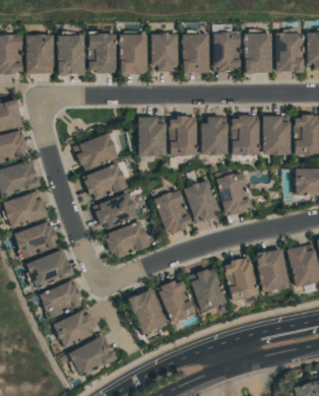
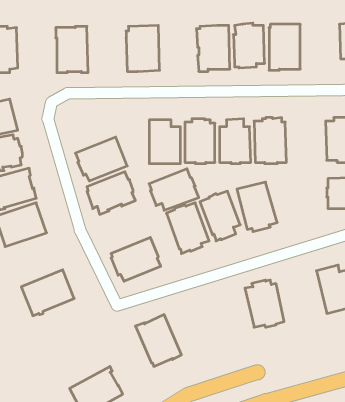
building: [150,32,178,71] -> none
building: [275,32,302,73] -> none
building: [24,34,54,74] -> none
building: [87,34,116,73] -> none
building: [262,115,291,155] -> none
building: [93,192,137,228] -> [149,169,199,210]
building: [13,221,56,259] -> none
building: [254,249,289,292] -> none
building: [188,268,226,311] -> none
building: [156,279,195,322] -> none
building: [39,280,80,318] -> none
building: [53,311,95,348] -> none

